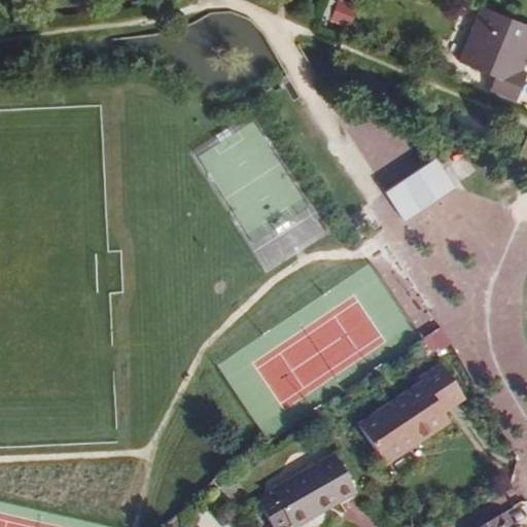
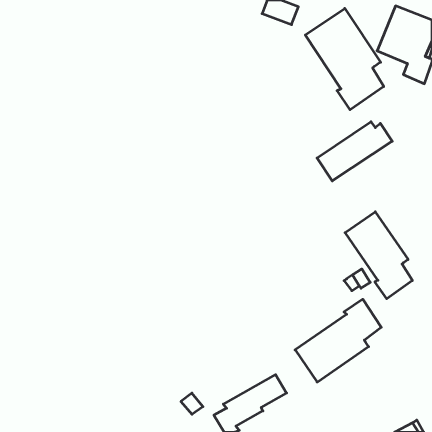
building: none -> [305,8,384,110]
building: none -> [345,212,412,299]

